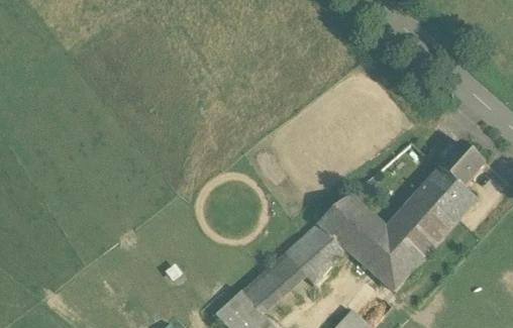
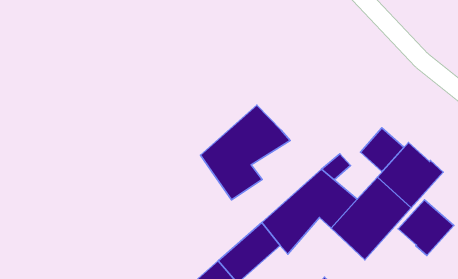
building: none -> [201,105,290,200]
building: [438,142,484,188] -> [361,128,404,171]
building: none -> [398,200,454,256]

